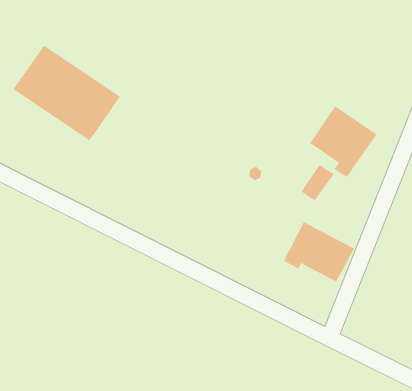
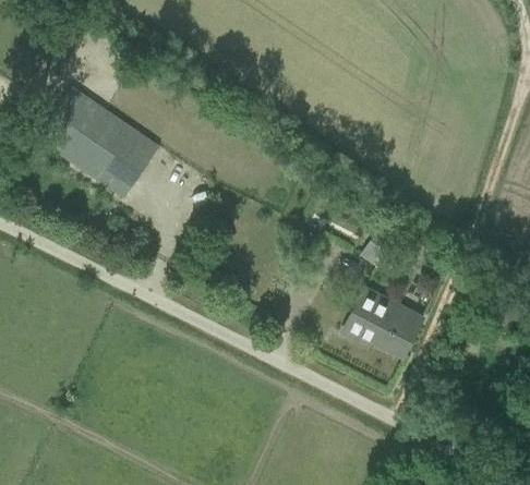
building: [310,105,377,178] -> none

